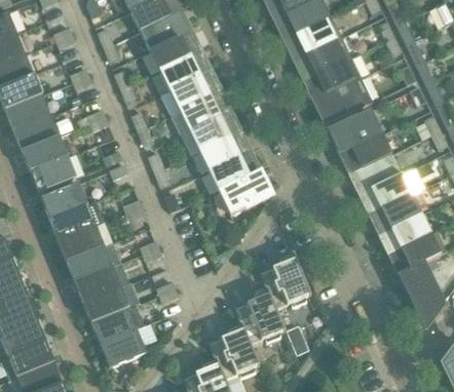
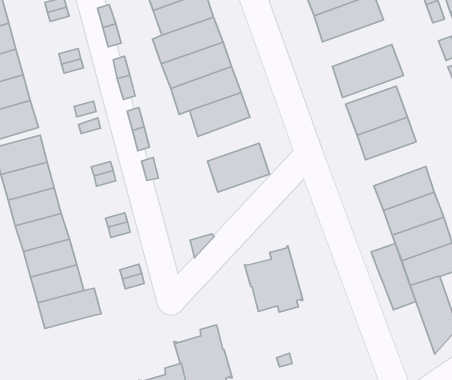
building: [303,56,361,100] -> none
building: [209,149,260,189] -> none
building: [349,154,400,194] -> none
building: none -> [371,244,416,310]
building: [233,288,285,343] -> none
building: [100,327,146,366] -> none

